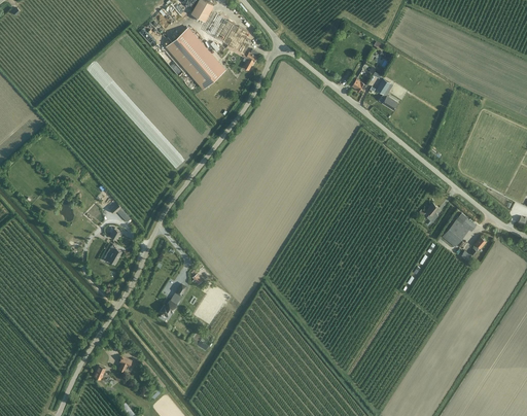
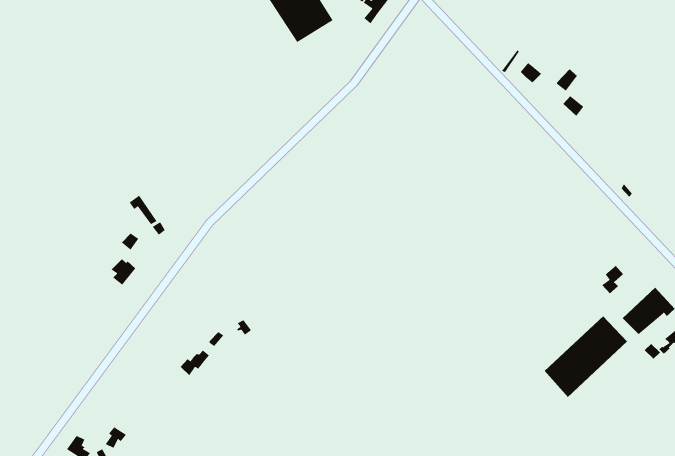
building: none -> [544,316,628,398]

